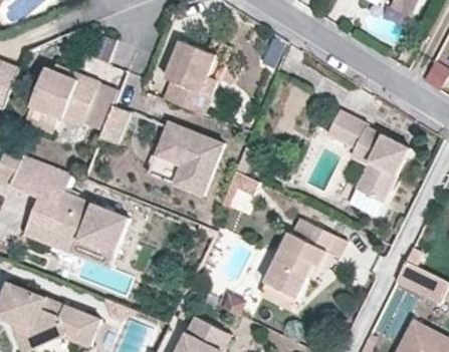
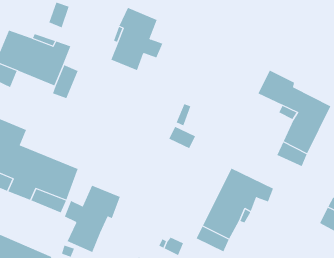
building: [155,120,222,195] -> none
building: none -> [64,185,120,253]

